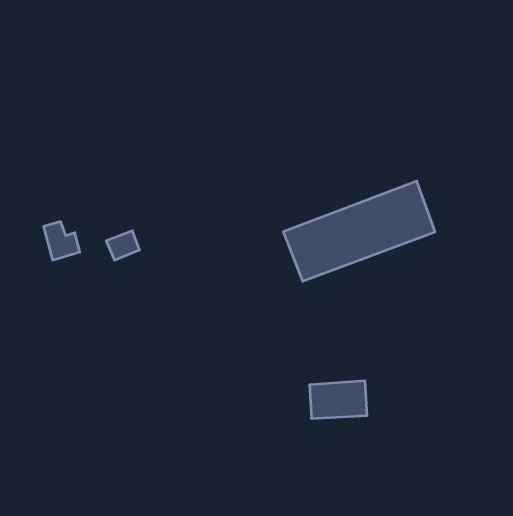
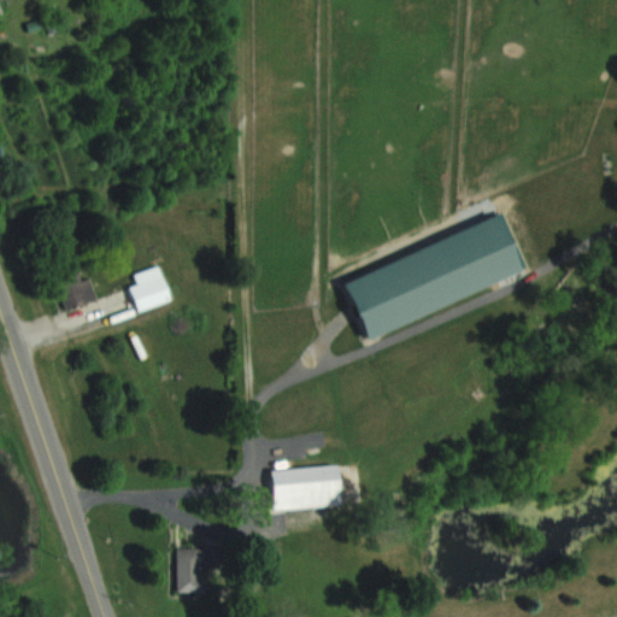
building: [309,381,367,418] -> [274,466,342,511]
building: none -> [180,548,202,592]

